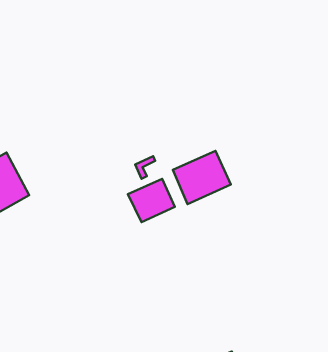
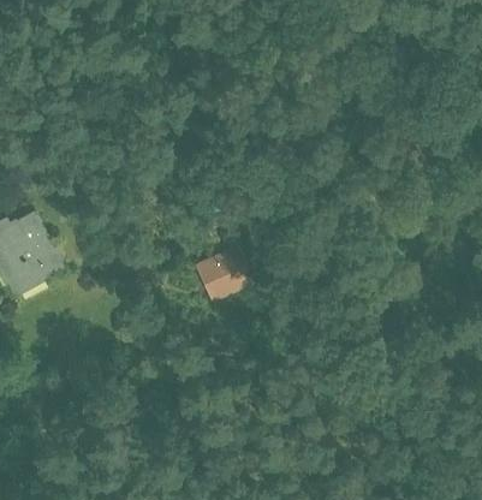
building: [173,151,231,204] -> none

